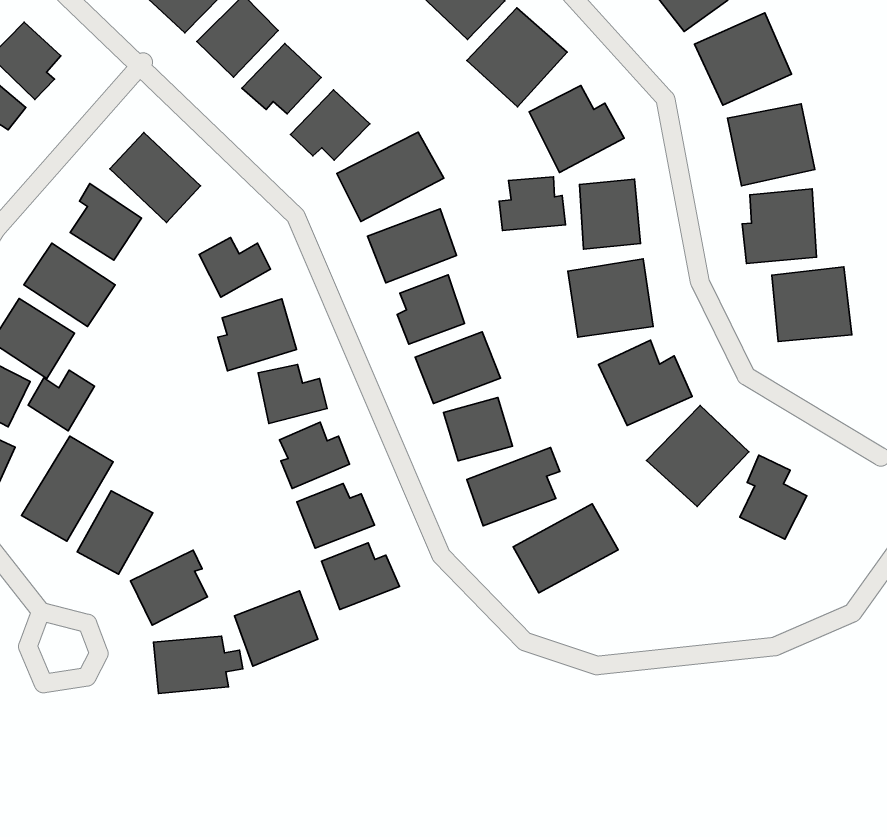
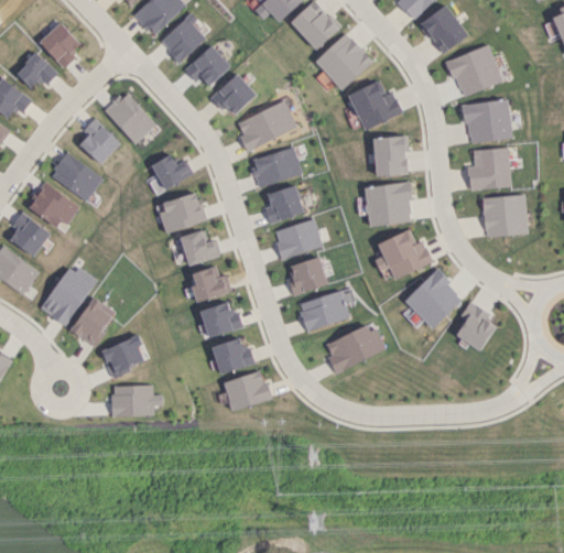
building: [499,177,566,231] -> none
building: [28,370,95,431] -> none
building: [234,591,318,666] -> [223,370,270,412]

